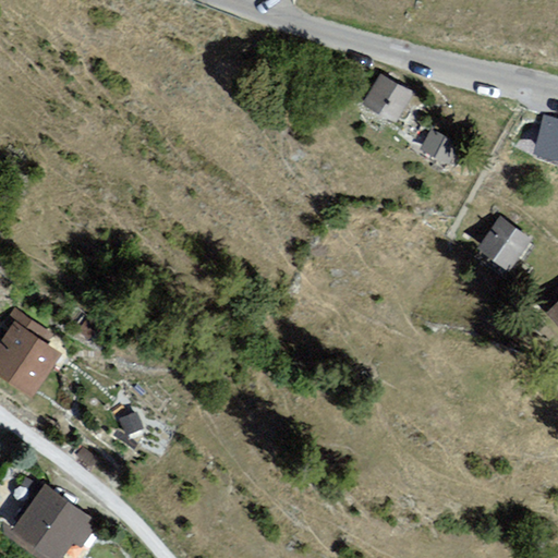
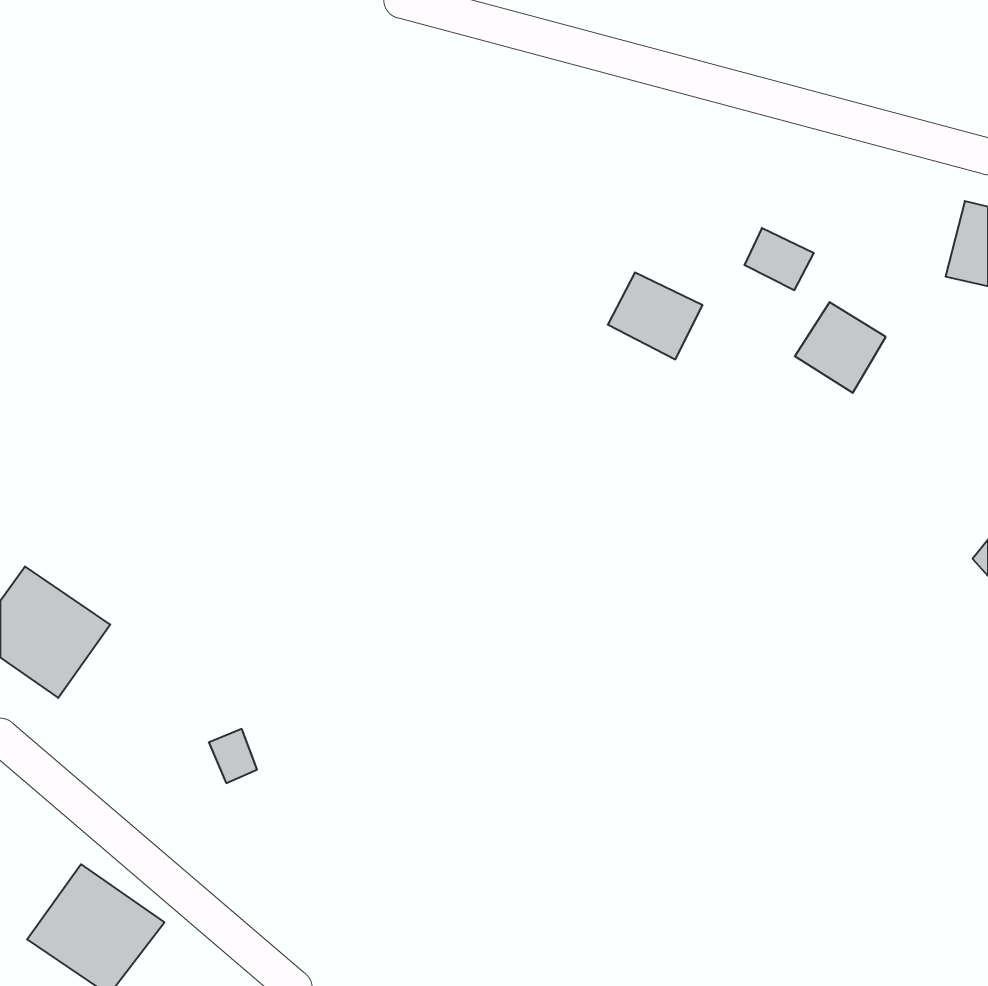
building: [362,73,415,122] -> [608,272,703,359]
building: [477,220,529,271] -> [795,302,886,393]

